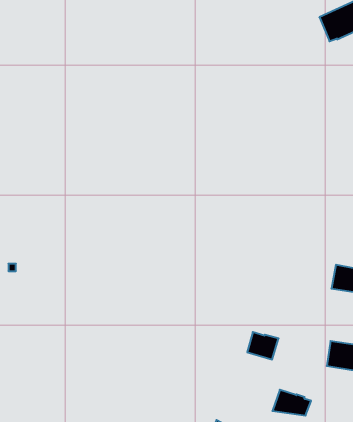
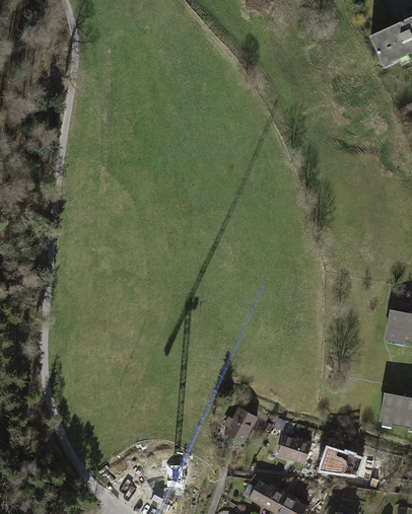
building: [247,332,279,360] -> [277,432,312,462]
building: none -> [224,407,260,445]

